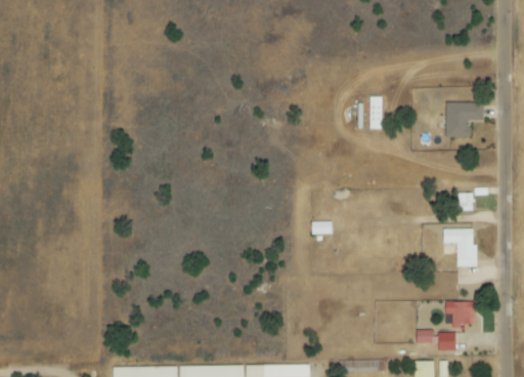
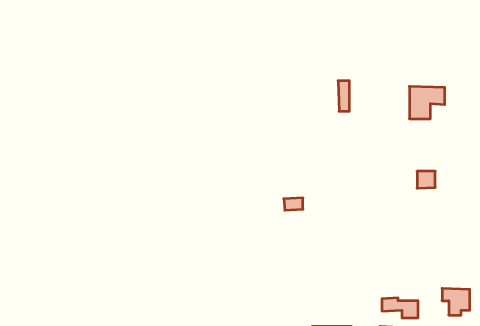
building: [443,229,476,267] -> none
building: [445,301,475,330] -> [442,288,470,315]

